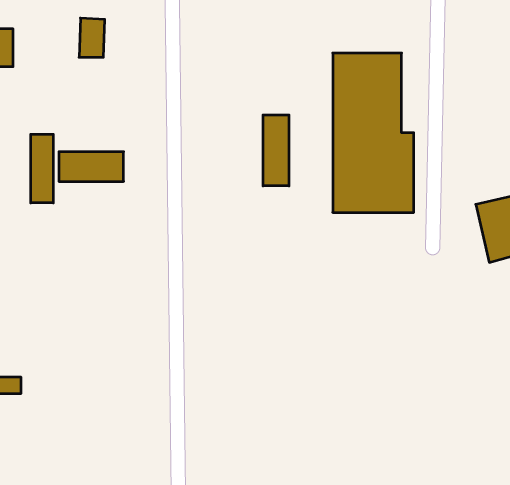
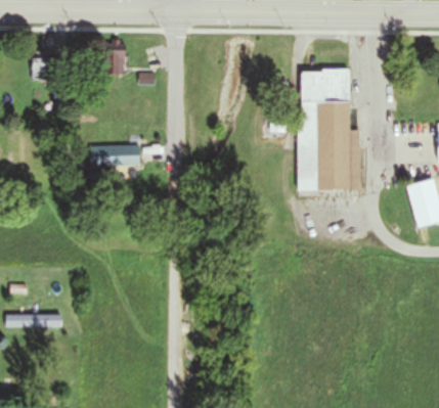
building: [263,115,289,186] -> none
building: [31,134,53,203] -> none

